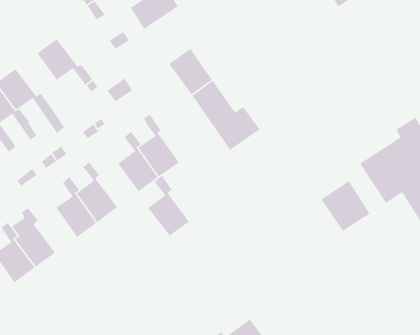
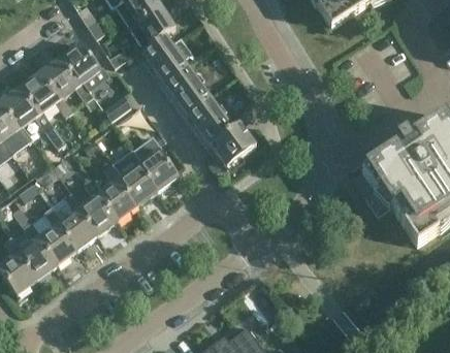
building: none -> [143,35,188,82]
building: none -> [58,41,112,86]
building: none -> [18,71,72,116]
building: [147,175,190,237] -> [96,161,137,221]
building: [320,180,371,232] -> none
building: none -> [36,205,77,265]

